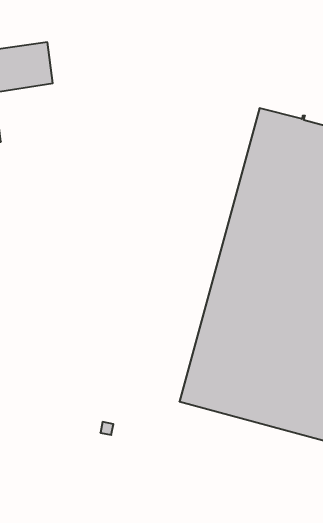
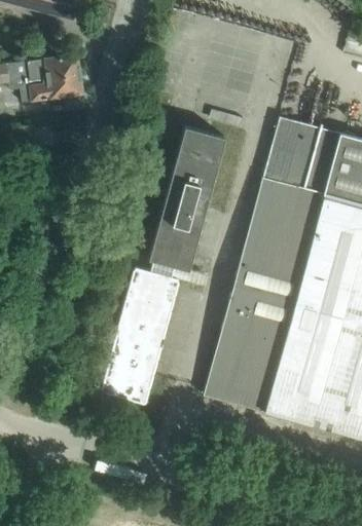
building: none -> [102,127,225,404]

